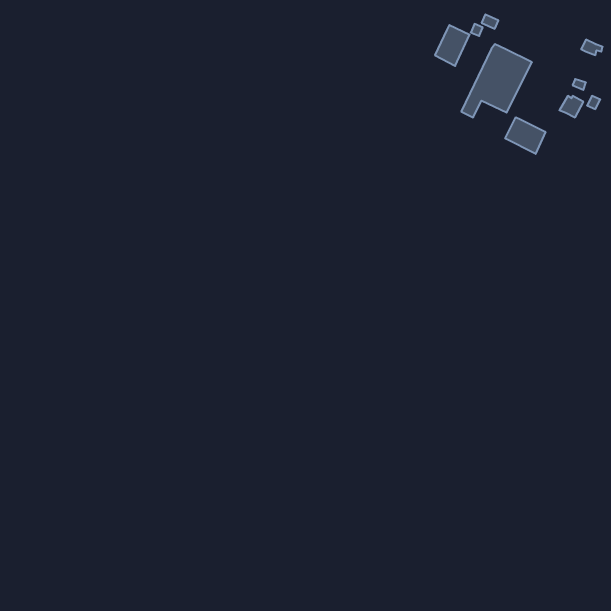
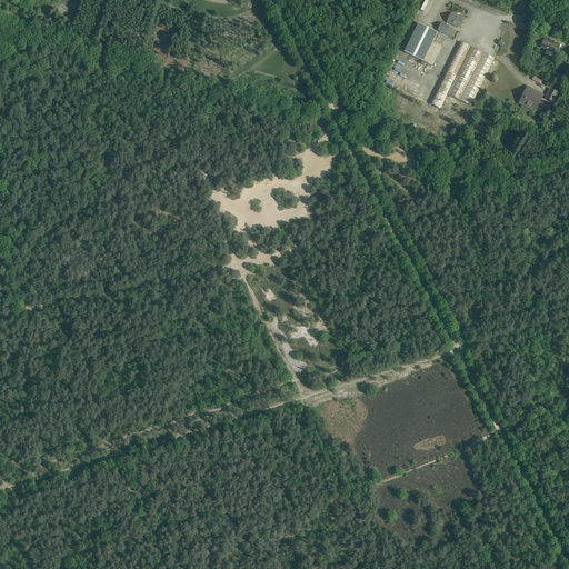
building: [505,117,545,154] -> none

